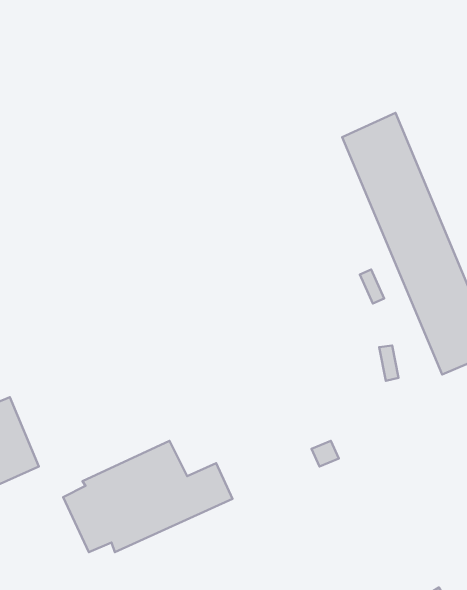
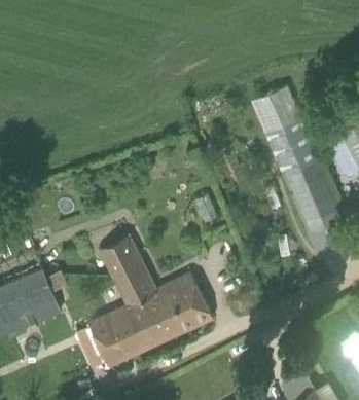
building: none -> [96,233,212,332]

